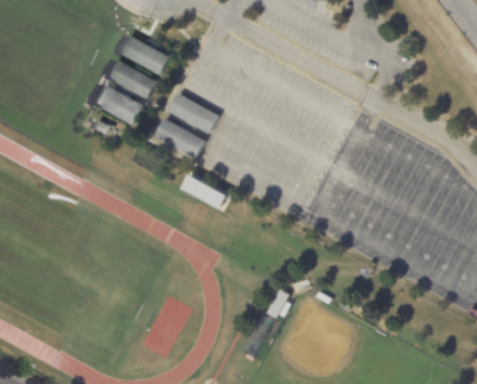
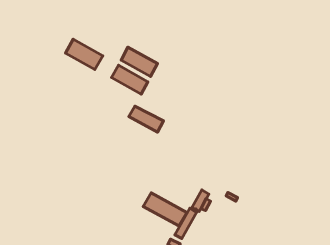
building: [120,33,171,75] -> none
building: [107,58,157,98] -> none
building: none -> [143,193,187,226]

